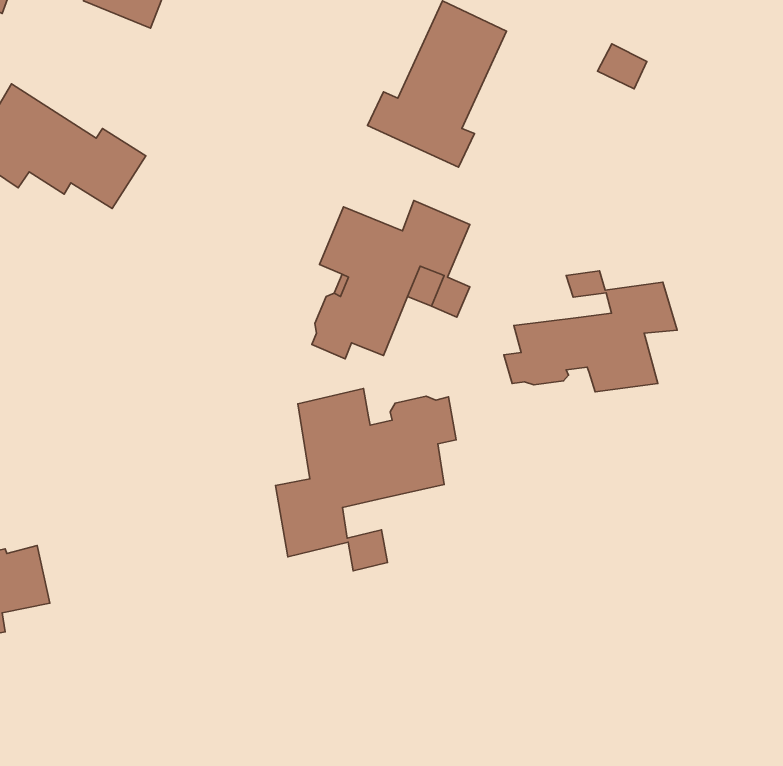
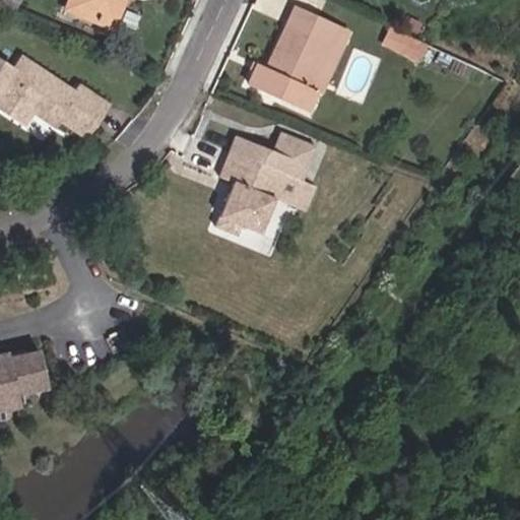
building: [504,271,677,392] -> none
building: [276,388,456,571] -> none

